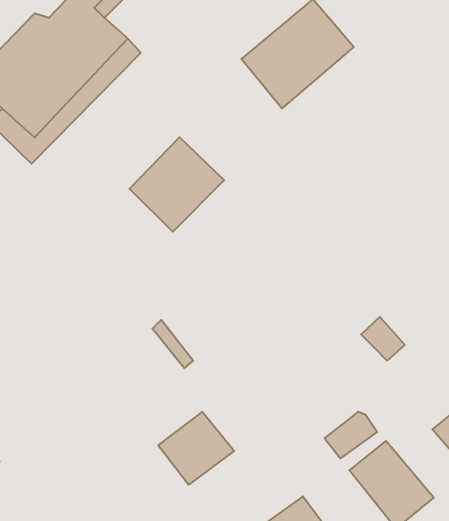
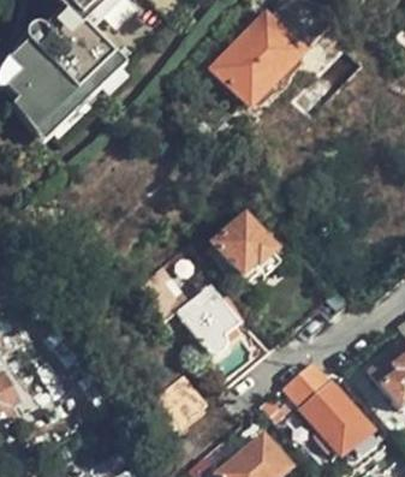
building: [129,137,224,232] -> none
building: none -> [210,216,274,270]
building: none -> [177,286,236,348]

